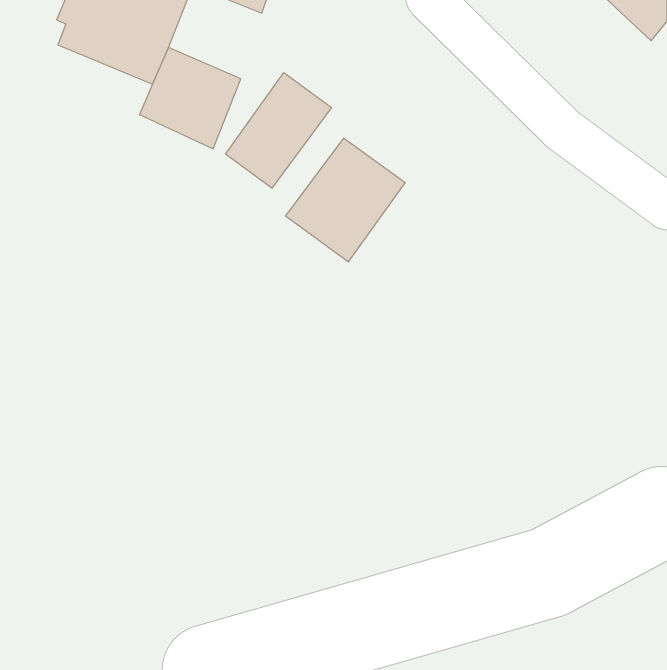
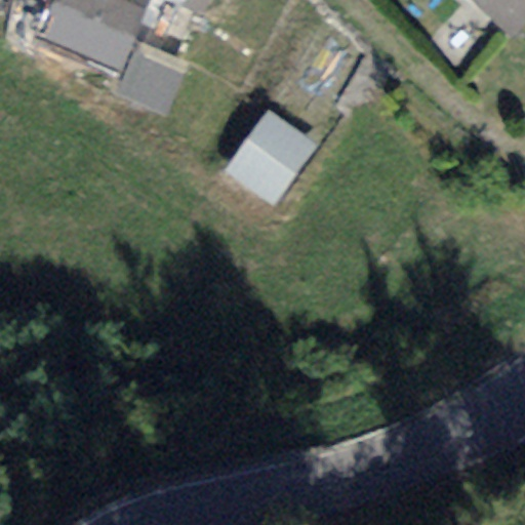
building: [225,73,332,188] -> none

